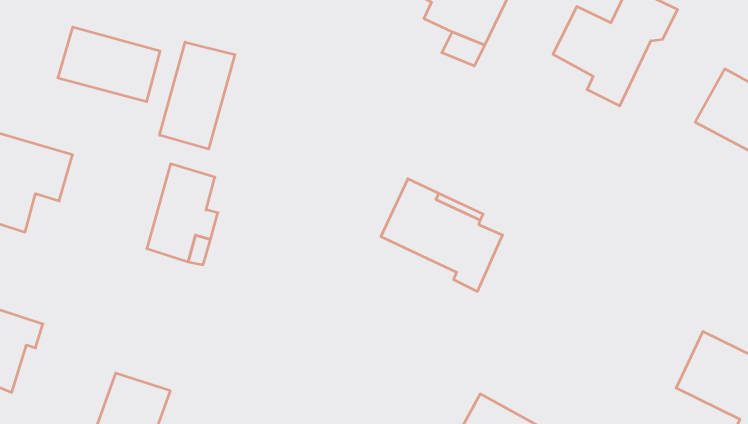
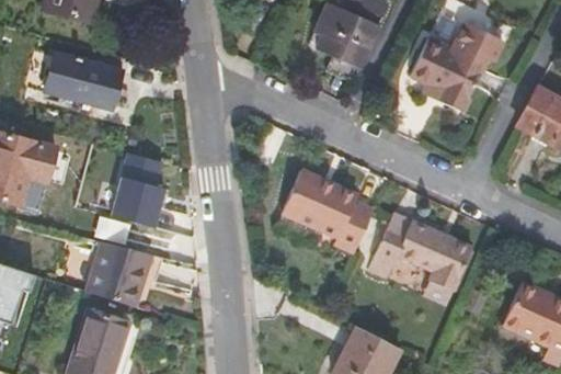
building: [160,42,235,149] -> none
building: none -> [376,217,474,292]
building: none -> [87,240,152,308]

